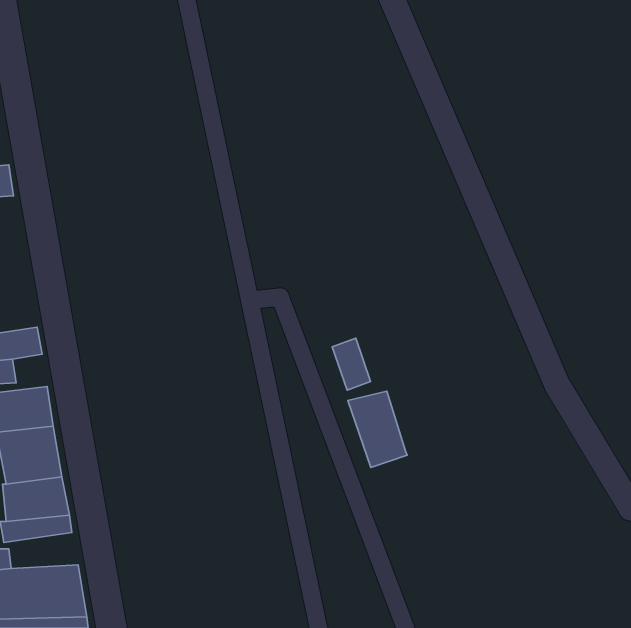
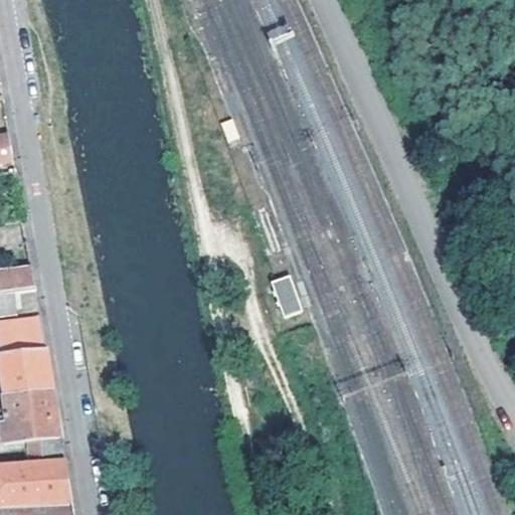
building: [348,391,407,468] -> none

